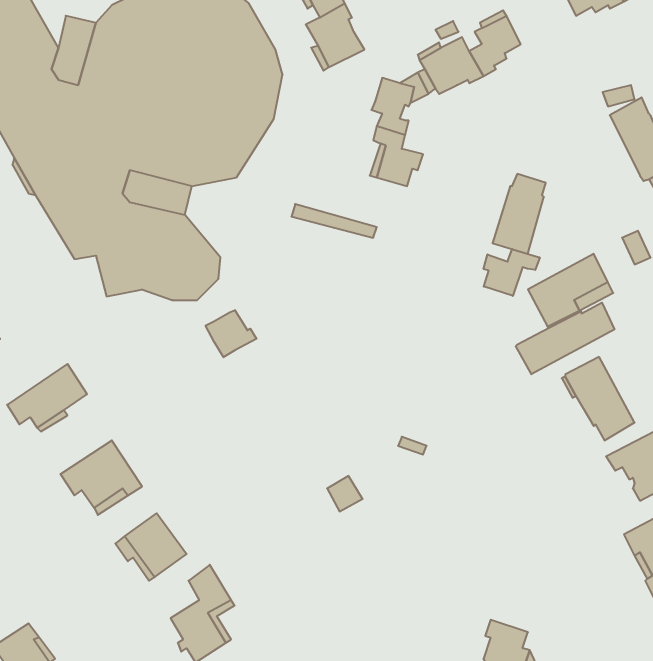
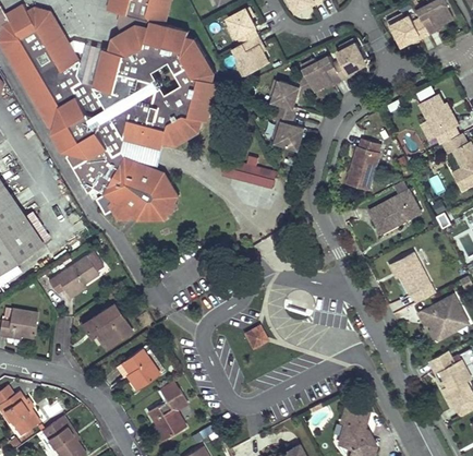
building: [484,249,540,296] -> none
building: [516,303,614,374] -> none
building: [206,310,257,357] -> none

